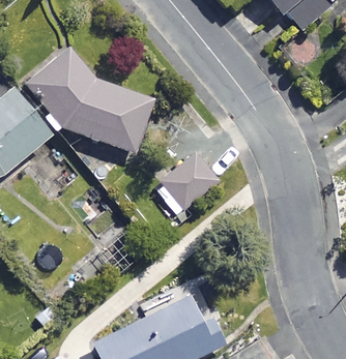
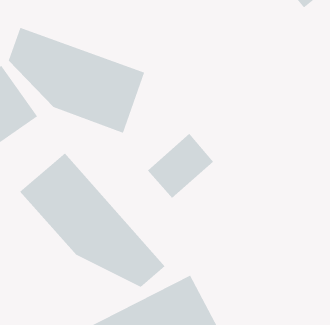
building: none -> [19,152,166,288]

